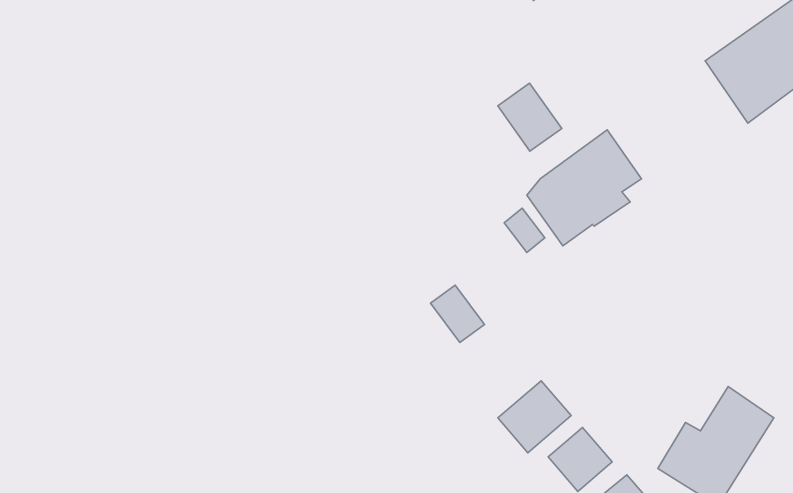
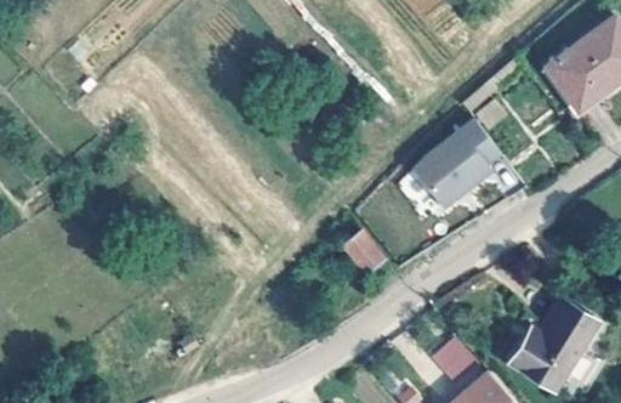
building: [498,83,562,151] -> none
building: [498,381,571,453] -> none

